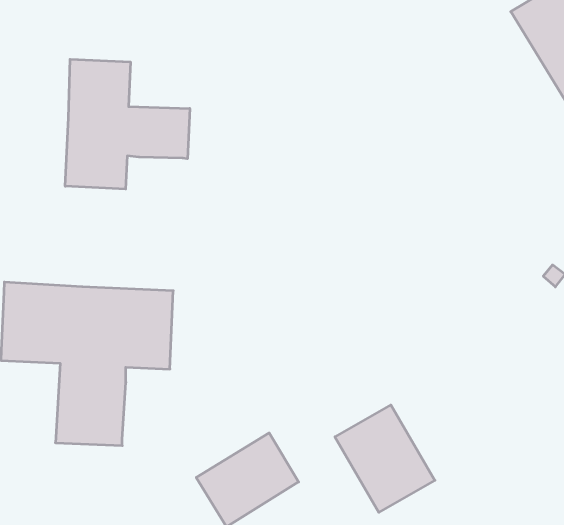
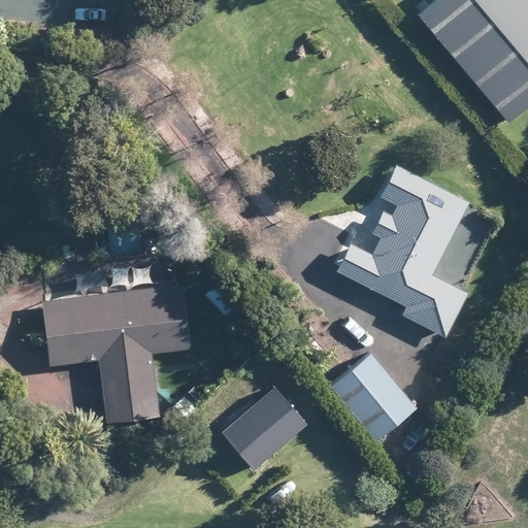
building: [65,59,190,189] -> none
building: none -> [335,165,468,337]

